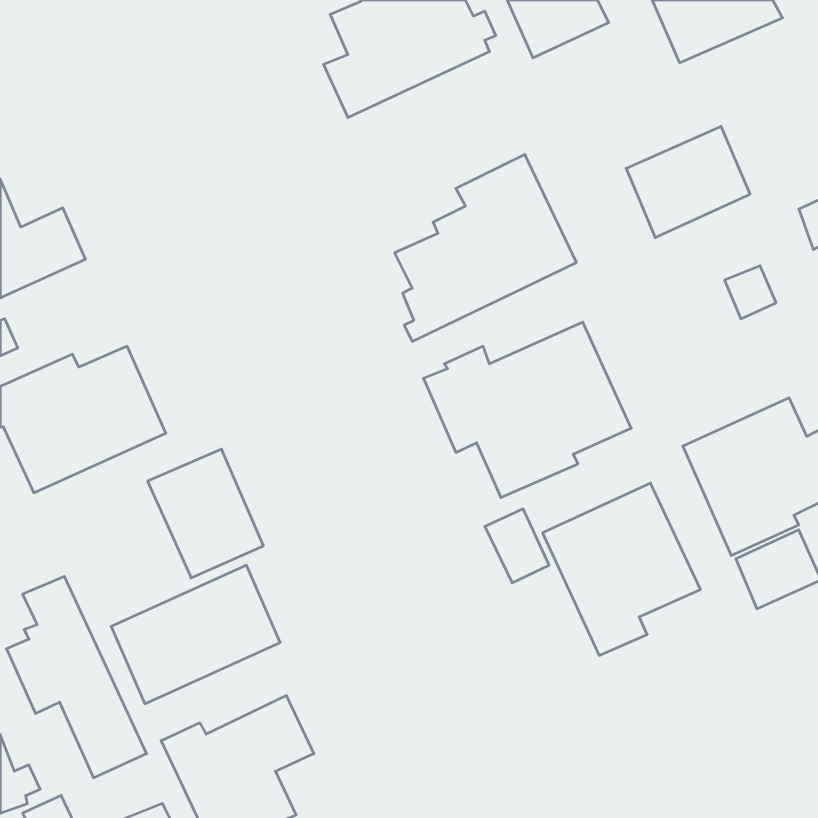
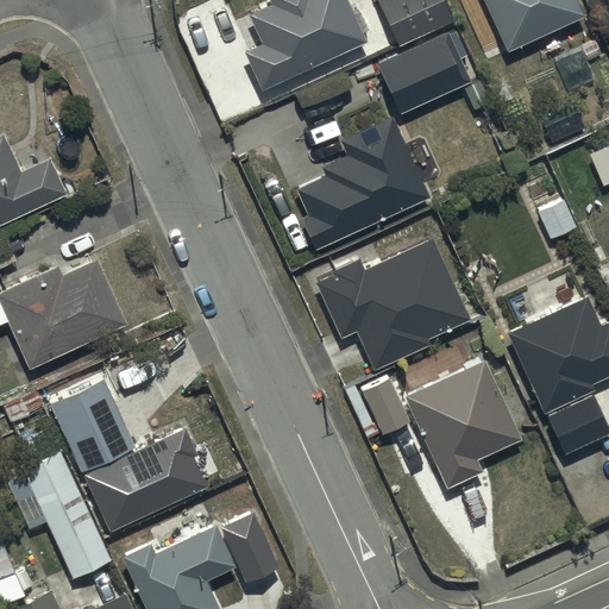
building: [626,126,750,238] -> [378,32,470,114]
building: [148,449,263,578] -> [46,370,132,465]
building: none -> [221,504,278,575]

